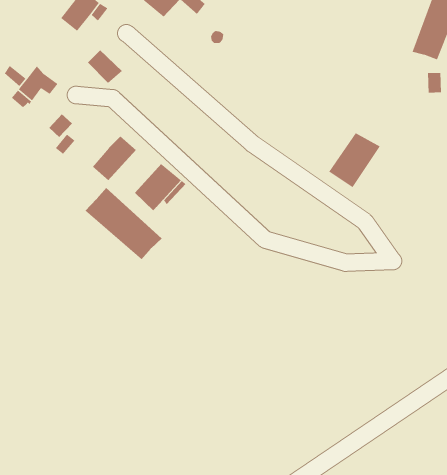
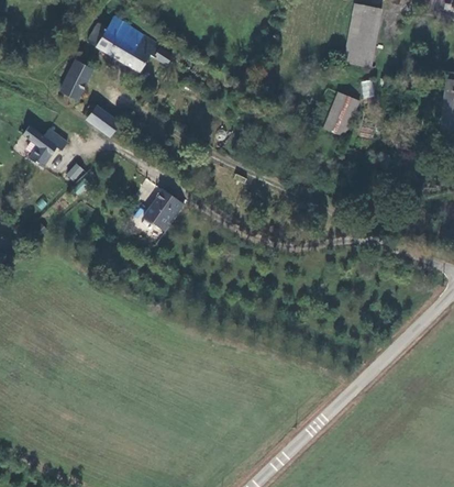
building: [328,132,381,188] -> [321,92,359,137]
building: [92,135,137,181] -> none
building: [85,187,163,260] -> none

